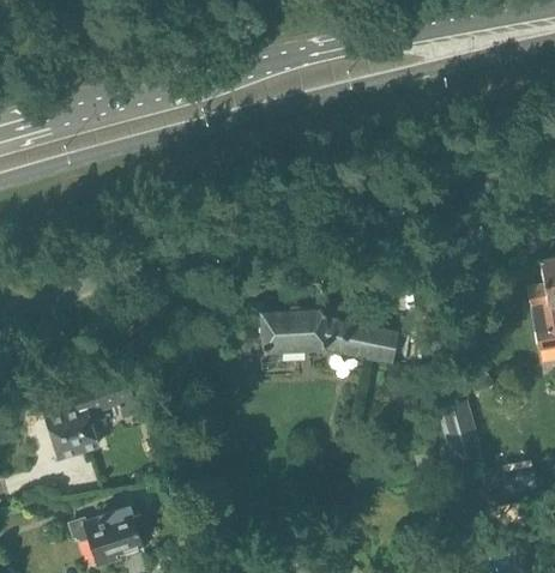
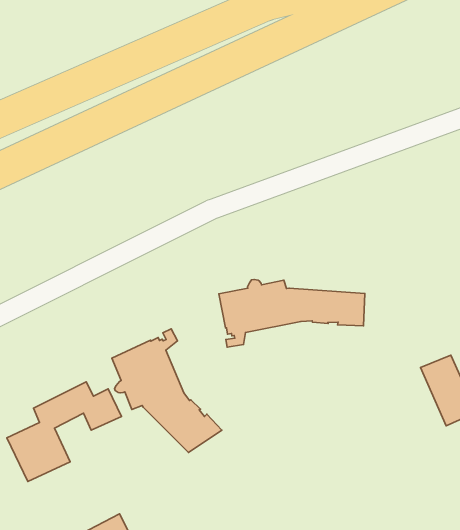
building: none -> [112,329,222,453]

